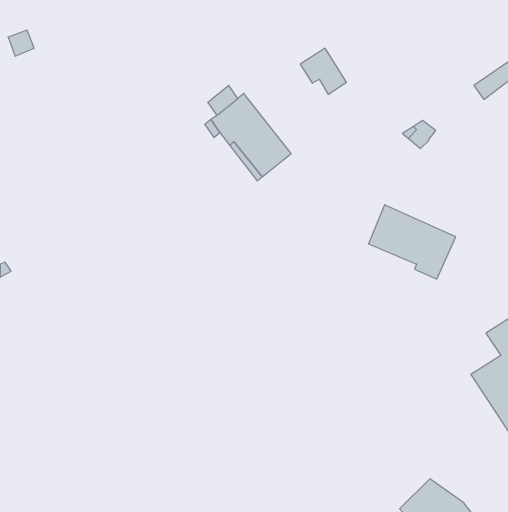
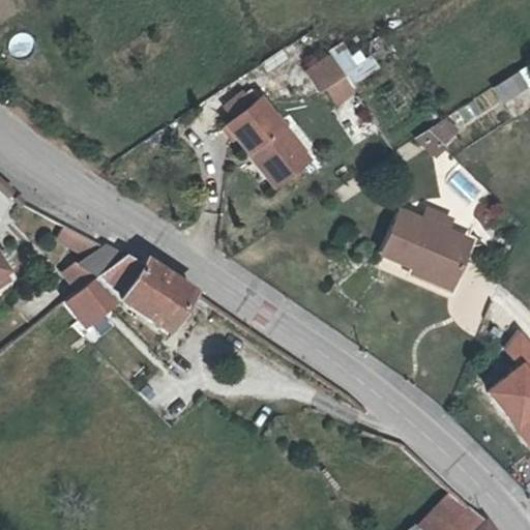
building: none -> [68,232,200,330]

